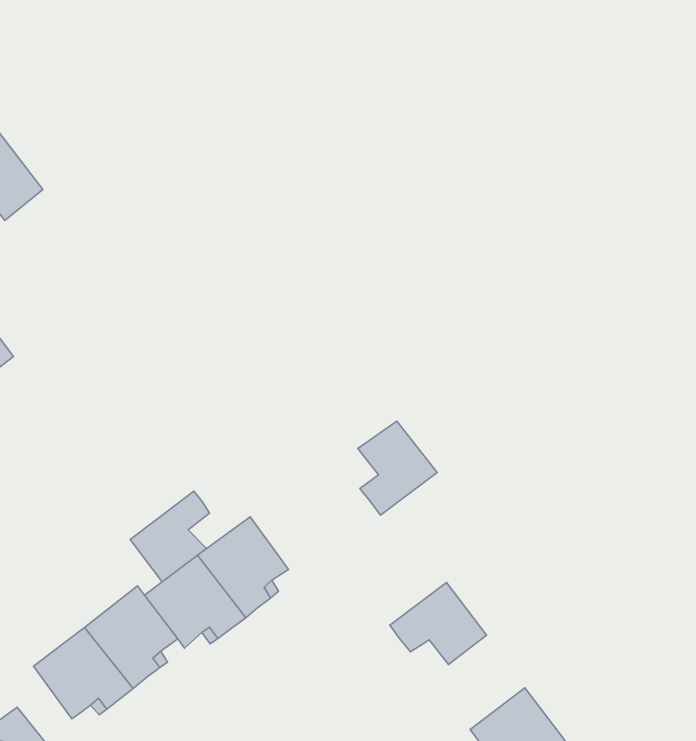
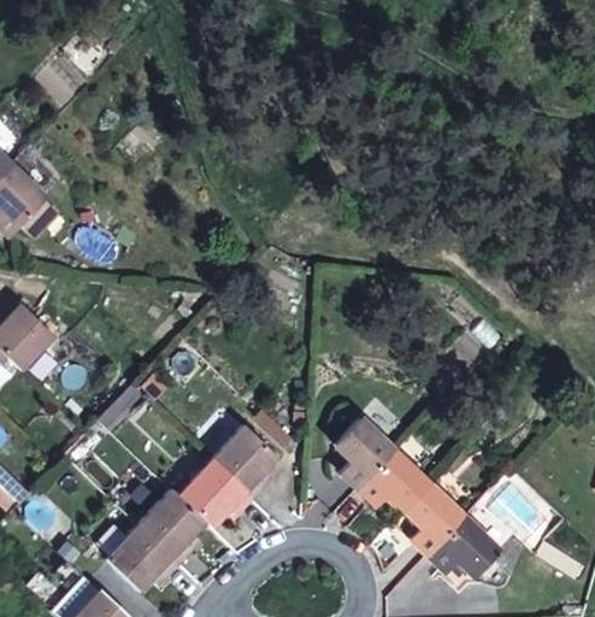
building: [358,421,437,515] -> [334,417,394,487]
building: [130,491,210,582] -> none
building: none -> [405,483,463,553]

